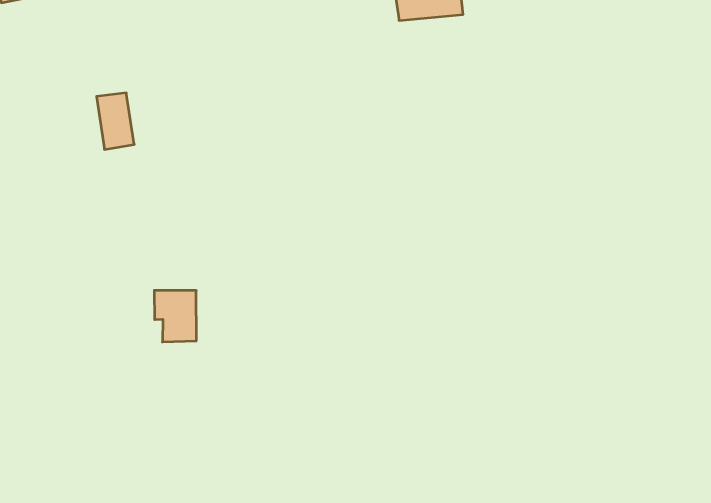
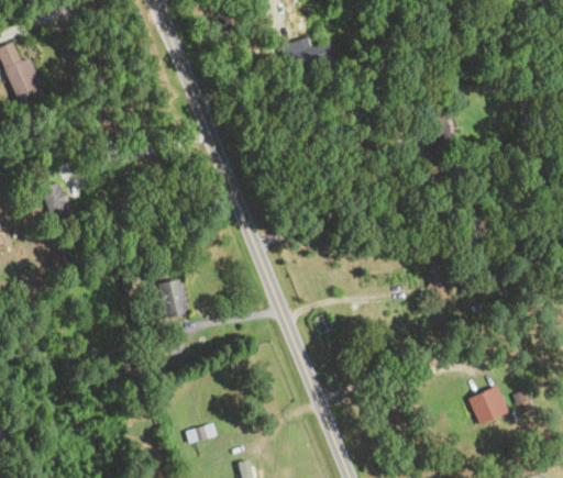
building: [97,93,134,149] -> [41,181,71,222]

